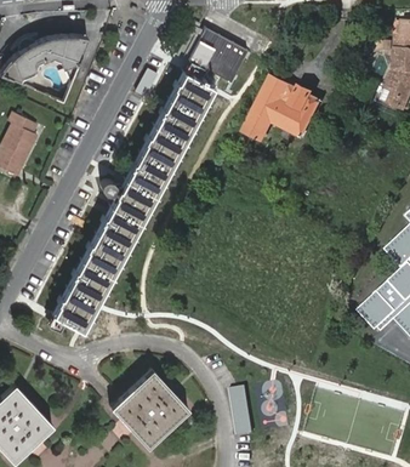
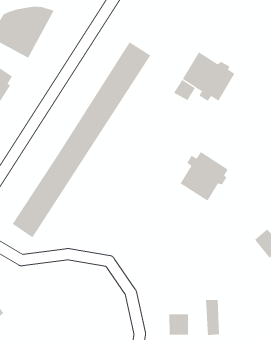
building: [189,28,246,81] -> none
building: none -> [180,151,228,202]
building: [110,370,188,446] -> none
building: [227,388,249,434] -> [205,300,220,335]

